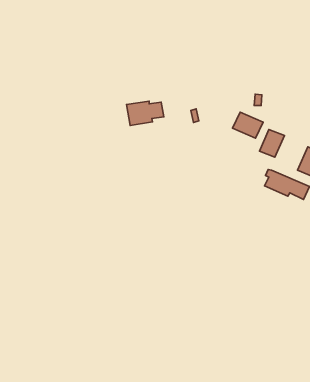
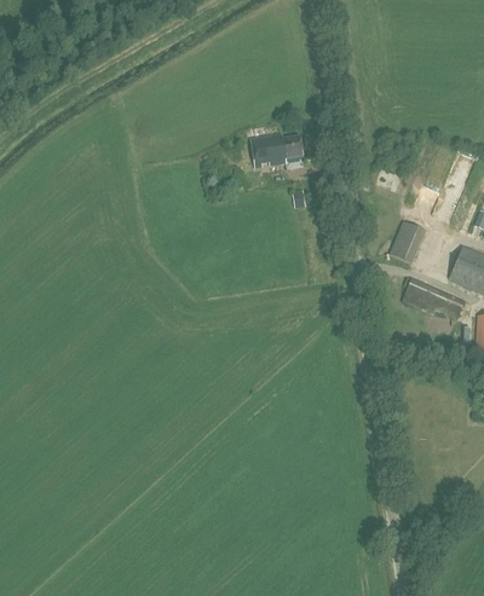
building: [127,101,164,125] -> [250,134,302,168]
building: [232,112,263,138] -> none

